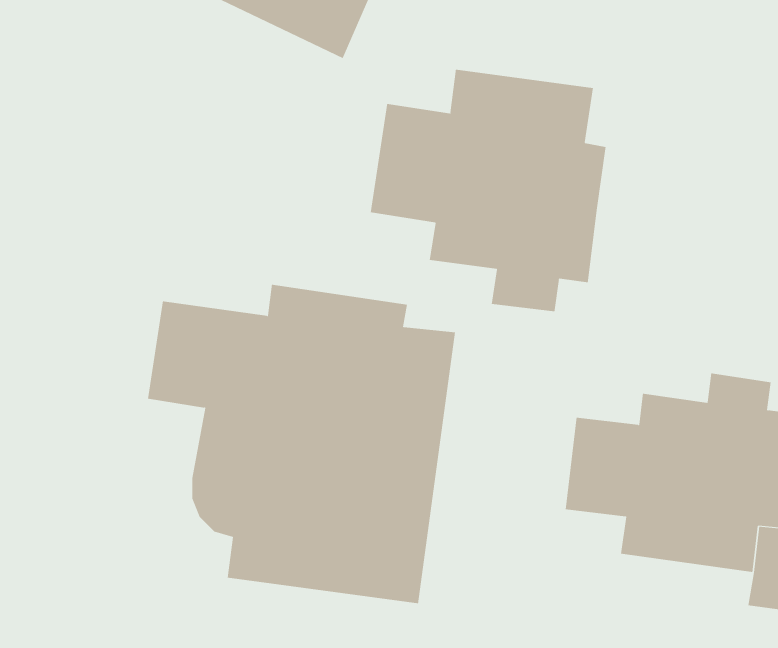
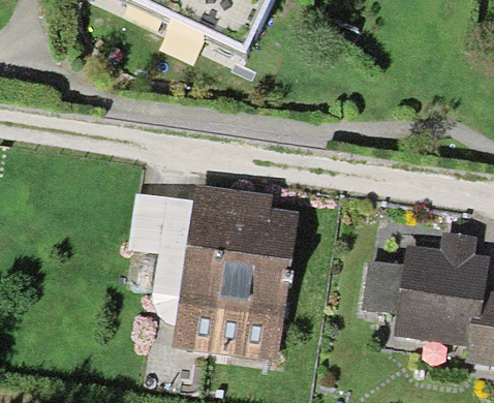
building: [370,69,606,312] -> none

